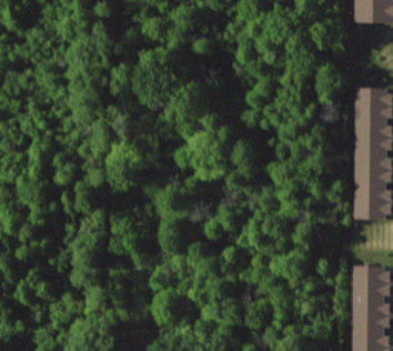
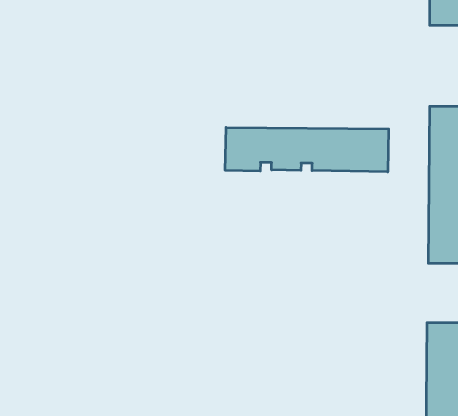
building: none -> [225,127,389,172]

